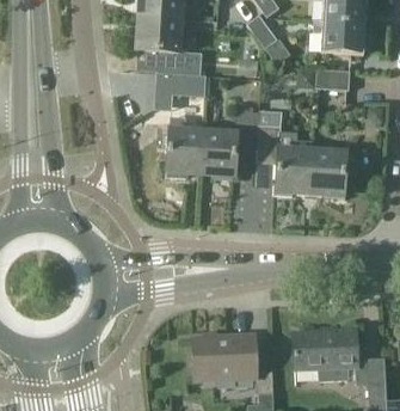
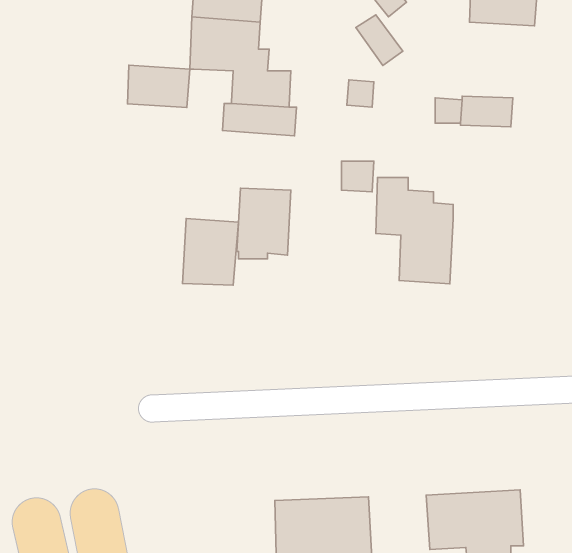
building: [313,20,363,54] -> none
building: none -> [128,65,190,107]
building: [199,131,236,176] -> [183,218,239,285]
building: [307,151,343,195] -> none

